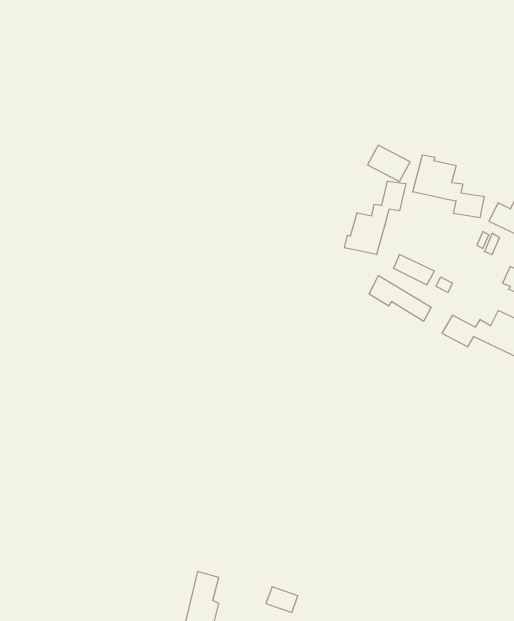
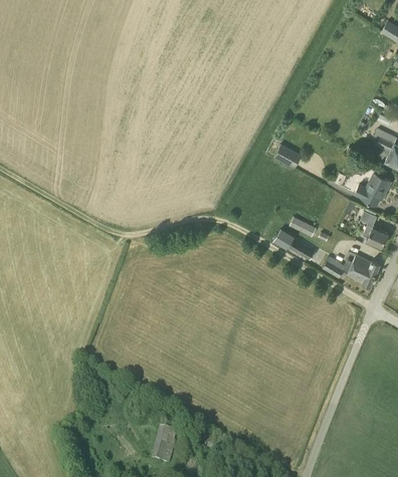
building: [413,155,484,218] -> none
building: [344,181,406,255] -> none

